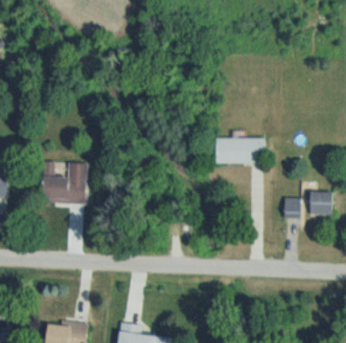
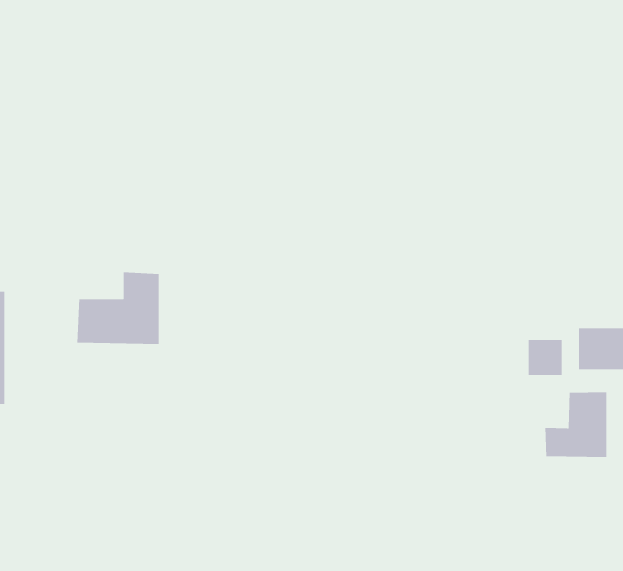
building: [214,138,263,163] -> none
building: none -> [545,392,607,458]

